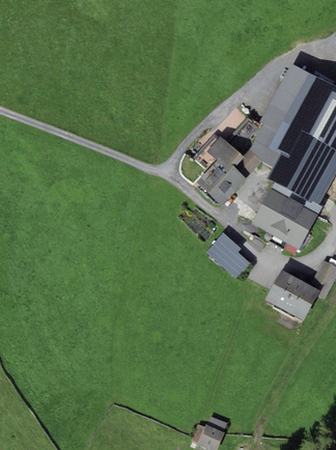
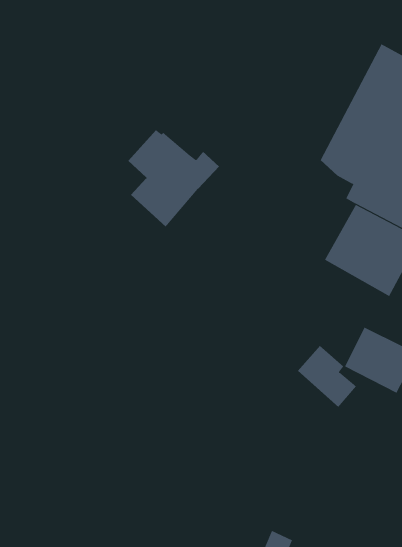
building: [193,134,260,205] -> [127,129,220,228]
building: [205,232,249,278] -> [297,345,357,408]

